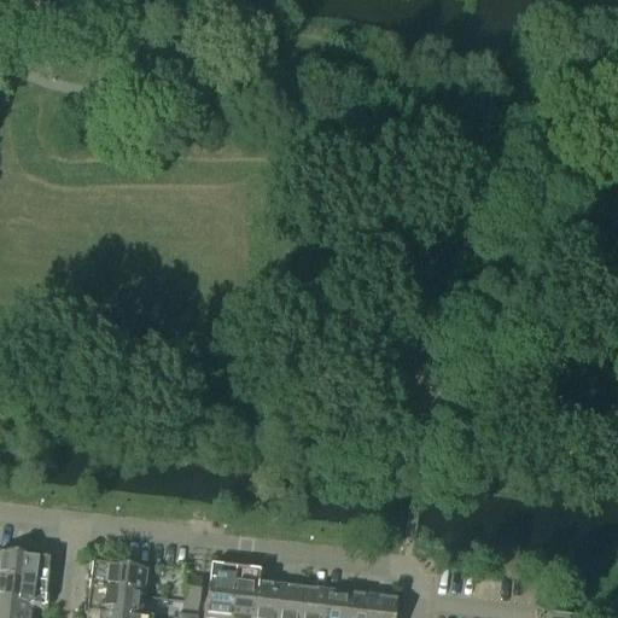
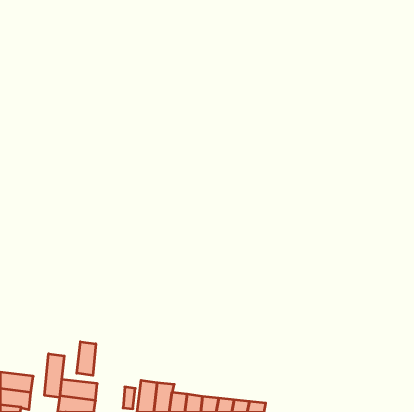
building: none -> [77,342,96,375]
building: none -> [45,354,64,397]

